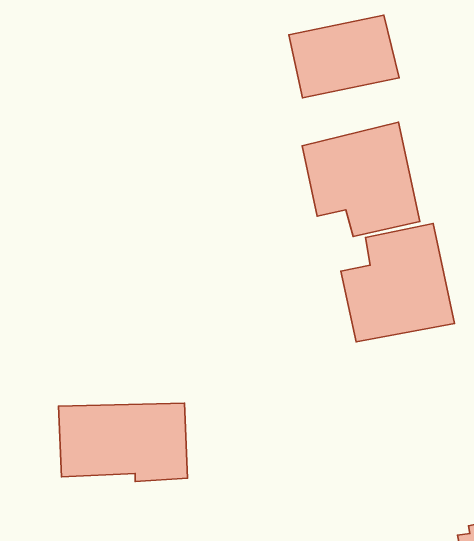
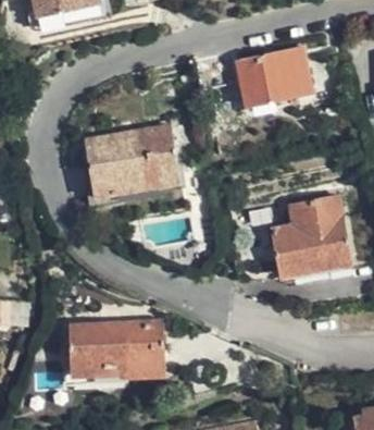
building: [302,122,420,237] -> none
building: none -> [86,126,177,196]

